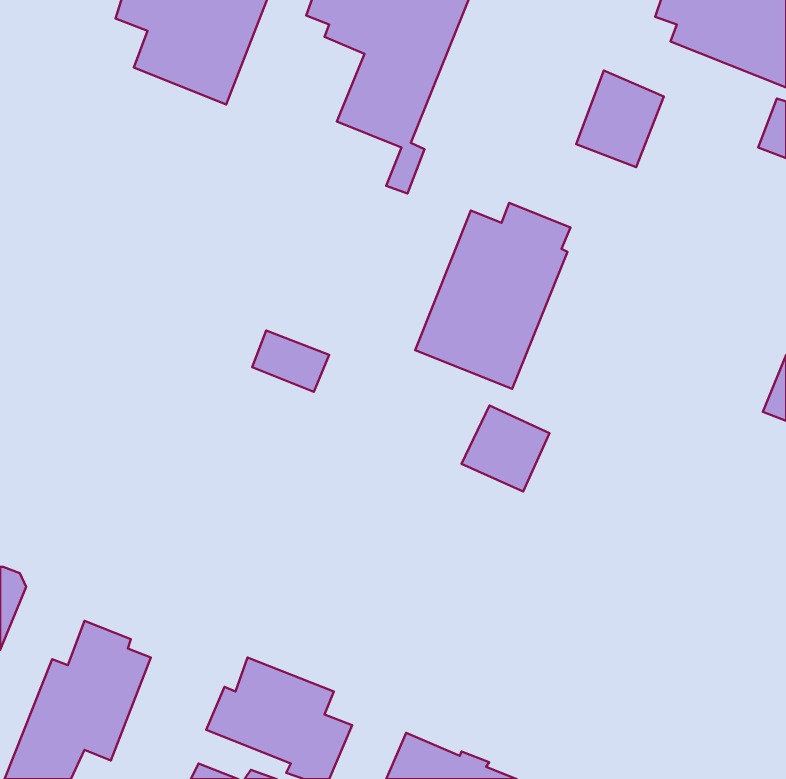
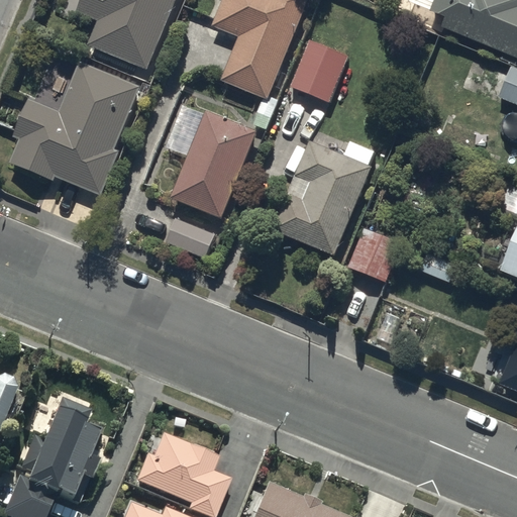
building: [576,70,664,167] -> [291,37,348,101]
building: none -> [11,60,140,195]
building: none -> [167,103,256,218]
building: [462,406,549,492] -> [346,226,404,283]

